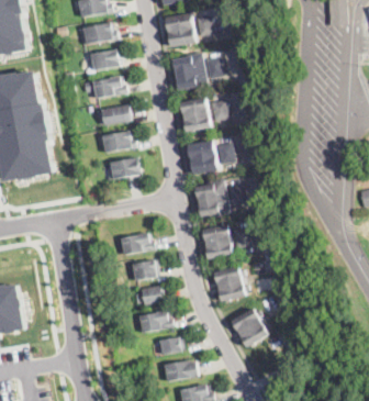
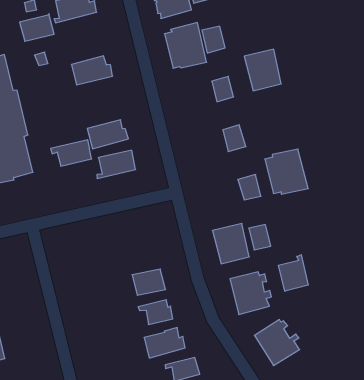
building: [90,48,119,70] -> [20,14,54,41]
building: [180,98,210,132] -> [244,49,281,91]
building: [97,104,131,125] -> [51,140,92,166]
building: [187,141,217,174] -> none
building: [194,180,230,218] -> [265,149,308,194]
building: [121,232,155,255] -> none
building: none -> [278,255,308,291]

